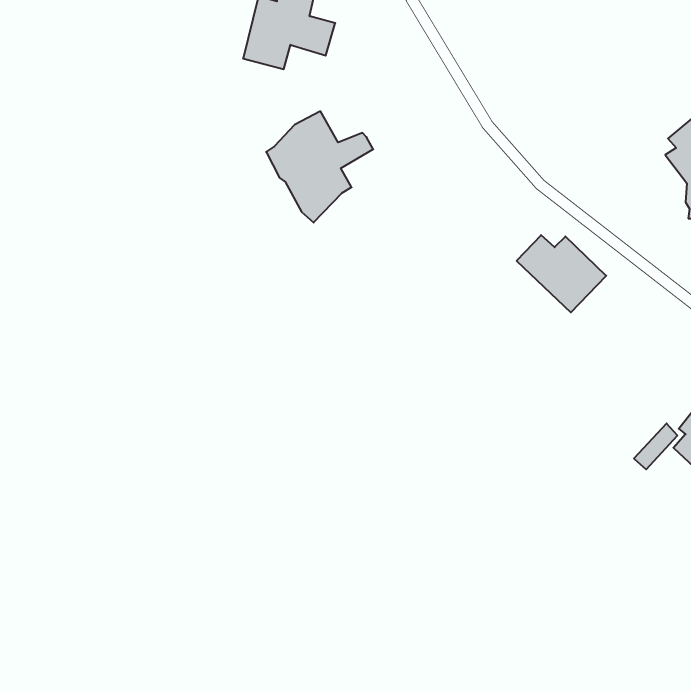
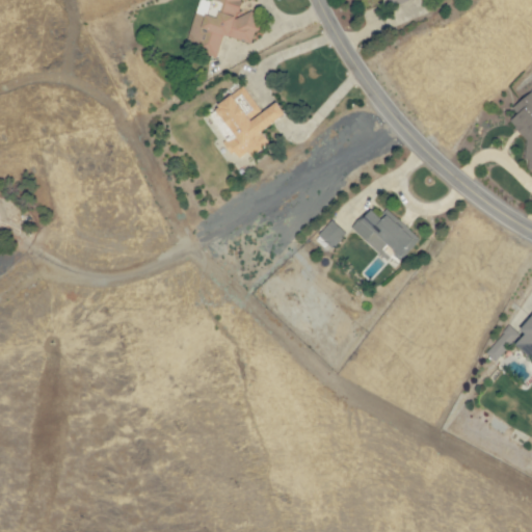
building: [517,235,606,312] -> [353,208,422,267]
building: none -> [320,219,348,247]

